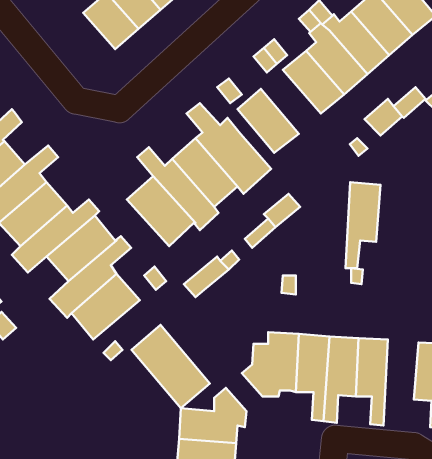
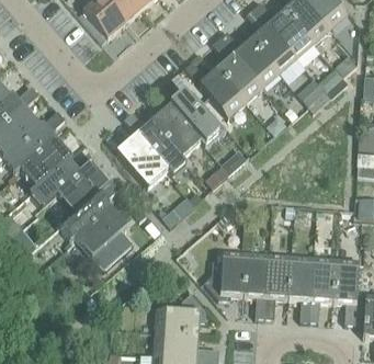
building: none -> [217,54,262,102]
building: [346,182,381,268] -> [309,257,336,321]
building: [131,325,210,408] -> none

